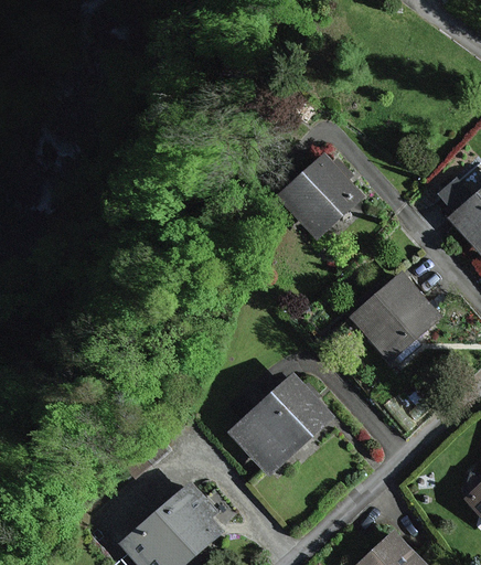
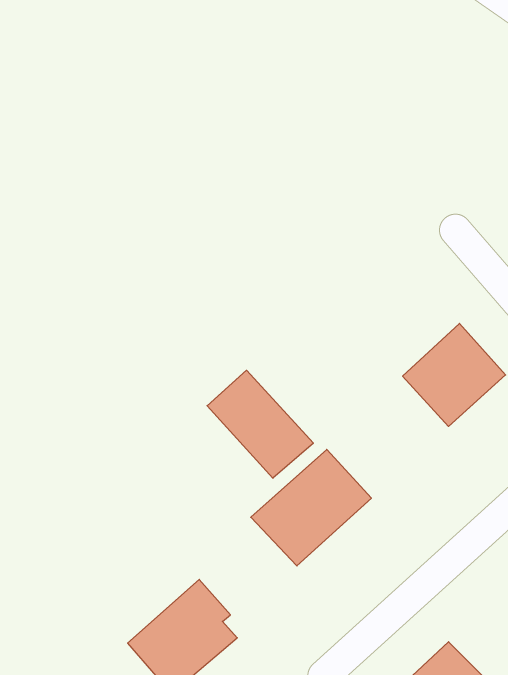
building: [280,158,359,235] -> none
building: none -> [207,370,313,478]

